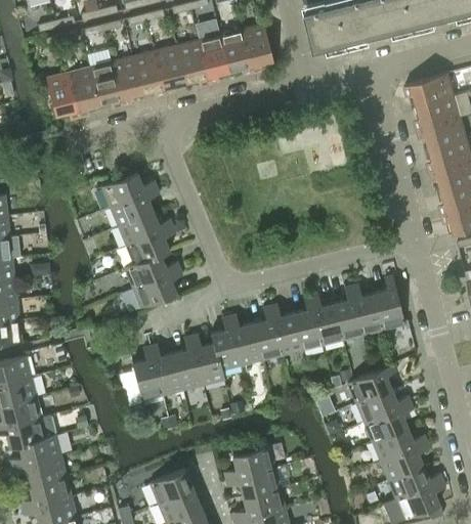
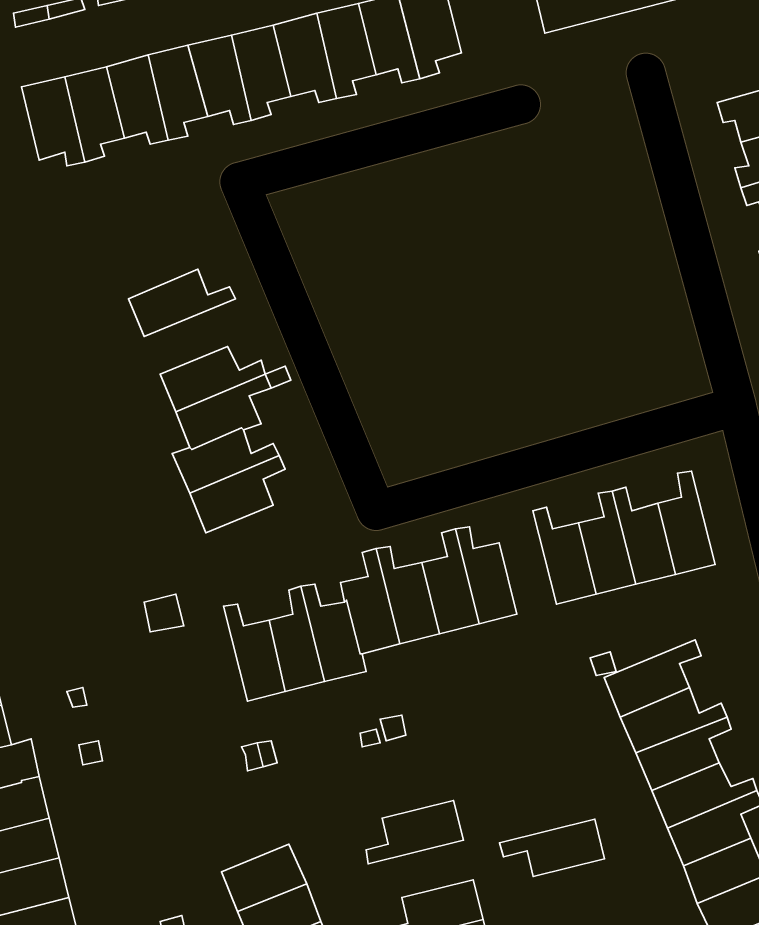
building: [110,187,160,226] -> none
building: [293,297,323,350] -> none
building: [132,346,163,400] -> none
building: [225,467,280,496] -> [500,819,605,877]

